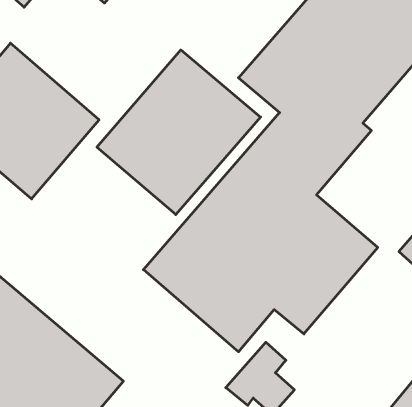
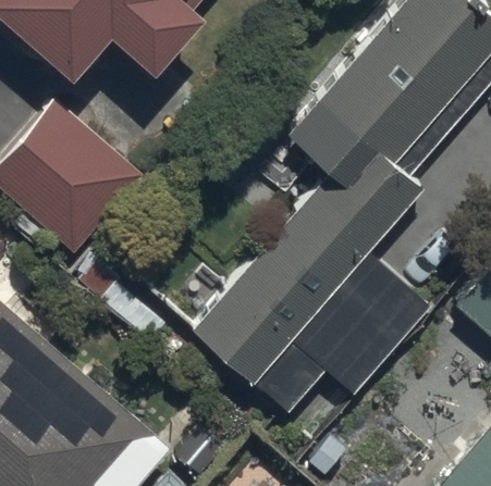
building: [97,50,261,215] -> none

